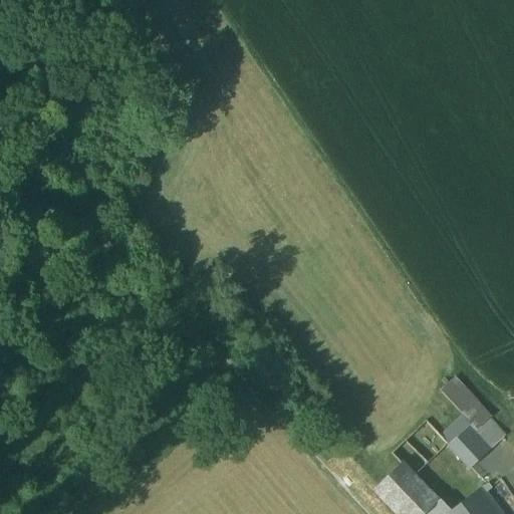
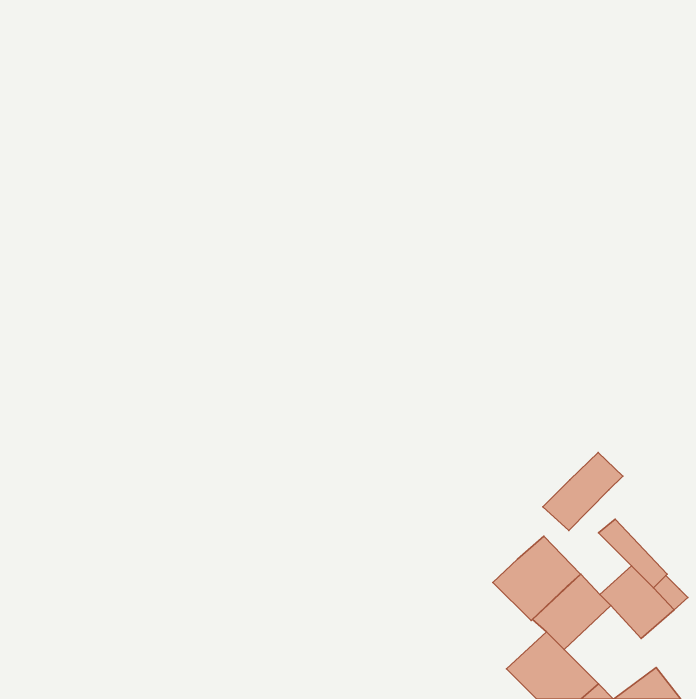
building: none -> [543,452,623,530]
building: none -> [493,536,581,621]

